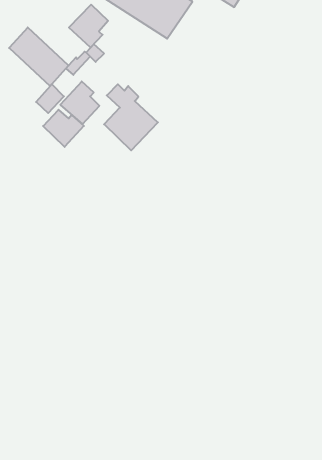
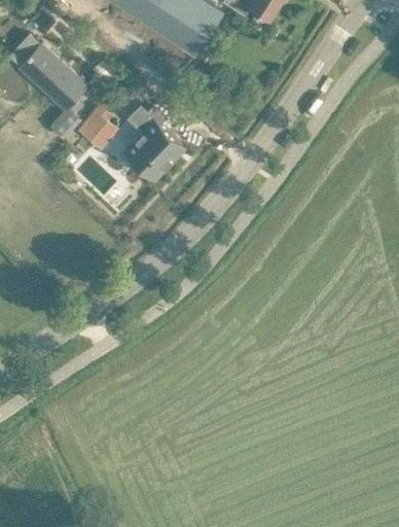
building: [69,5,108,48] -> none
building: [43,110,84,147] -> none

